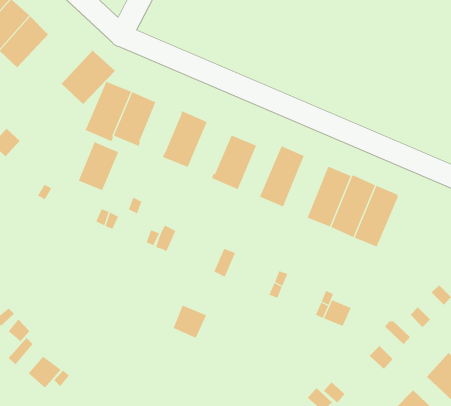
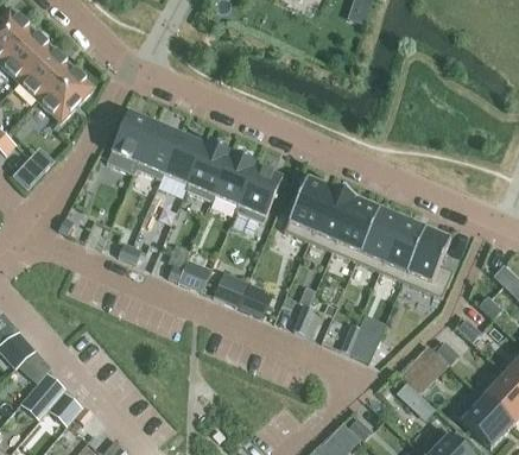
building: [61,50,116,105] -> [37,64,93,120]
building: none -> [213,153,255,206]
building: [78,141,119,192] -> [162,133,203,184]
building: none -> [308,187,355,251]
building: none -> [403,228,452,297]
building: [173,305,207,339] -> [213,271,247,305]

